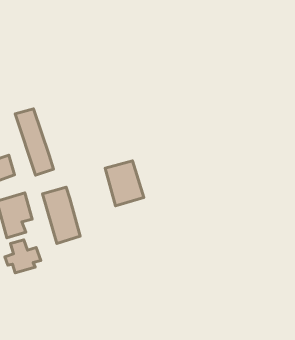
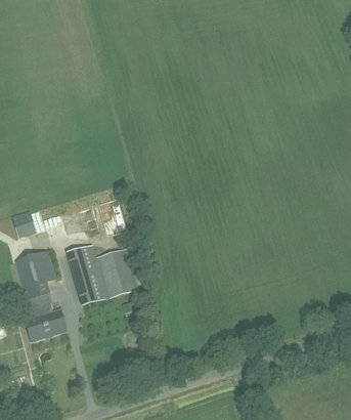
building: [15,109,53,175] -> none
building: [105,161,144,206] -> [96,249,138,298]

